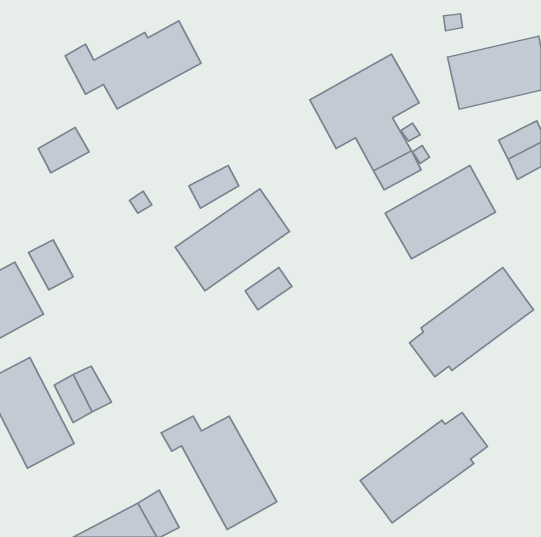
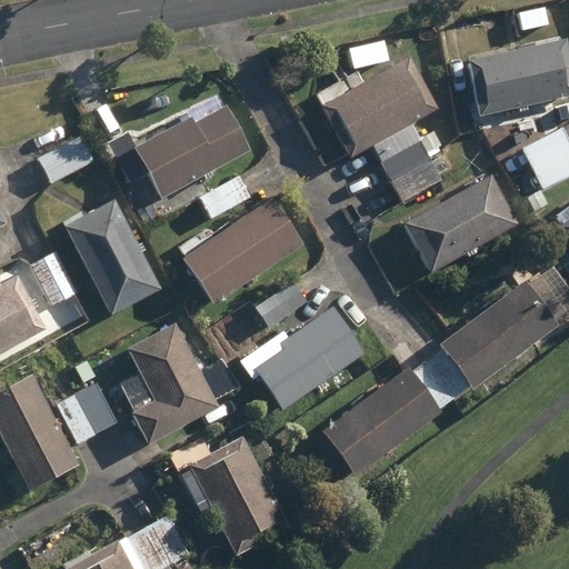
building: [65,21,201,109] -> [107,104,249,197]
building: none -> [66,200,161,312]
building: none -> [238,306,365,409]
building: none -> [119,322,219,441]
building: [360,413,488,523] -> [322,359,456,475]

